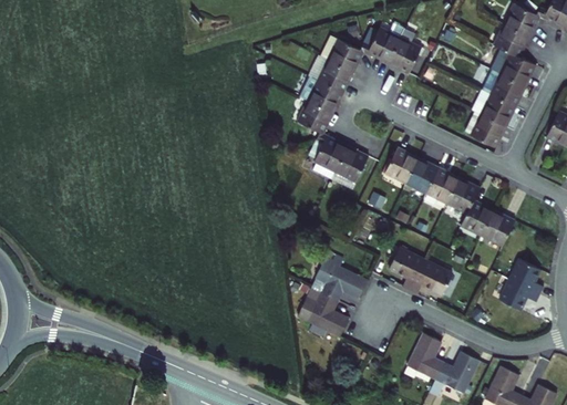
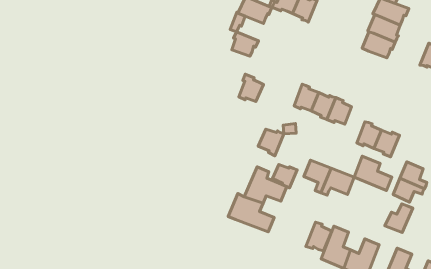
building: [319,59,353,91] -> none
building: [299,100,333,139] -> none
building: [465,110,505,146] -> none
building: [337,146,370,180] -> [258,129,284,156]
building: [446,183,478,217] -> none
building: none -> [354,156,392,191]
building: none -> [273,165,297,188]
building: none -> [385,204,413,232]
building: none -> [306,222,332,251]

